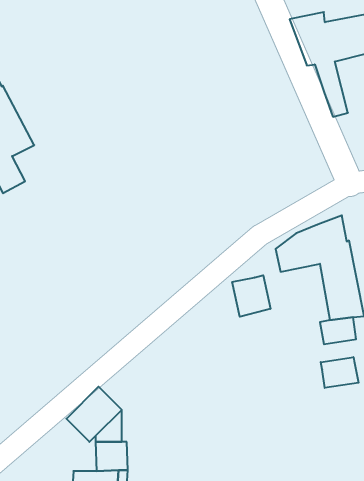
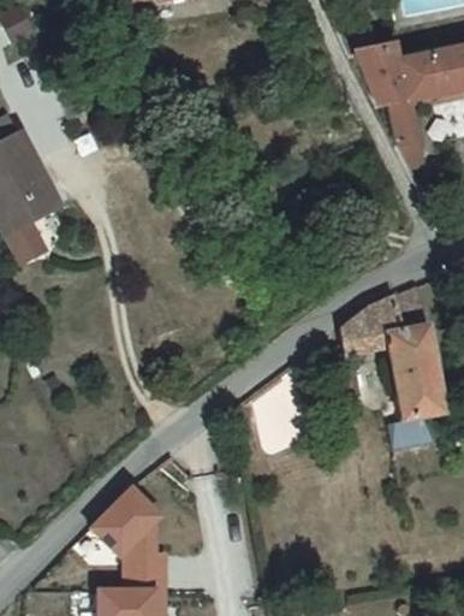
building: [232,275,270,317] -> none
building: [321,357,359,388] -> none

